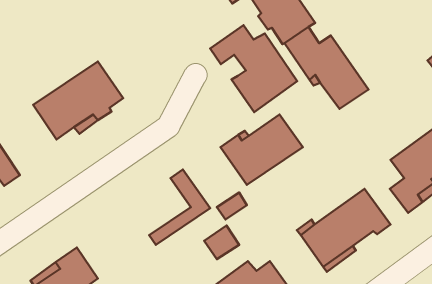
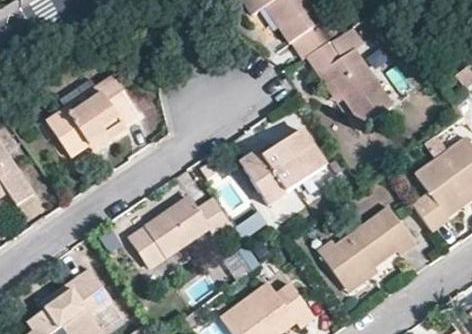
building: [210,25,297,112] -> none
building: none -> [128,195,208,265]

